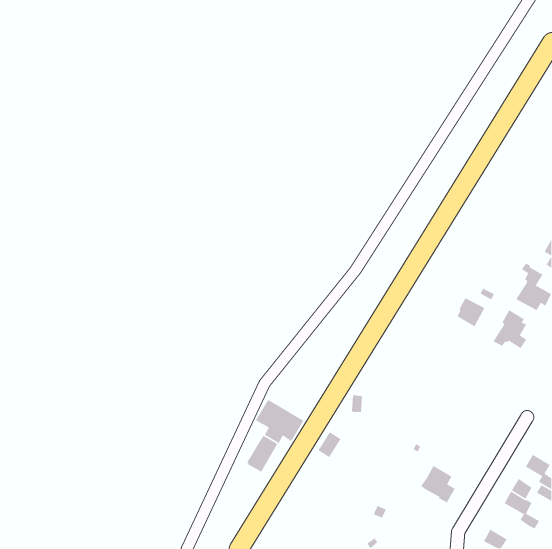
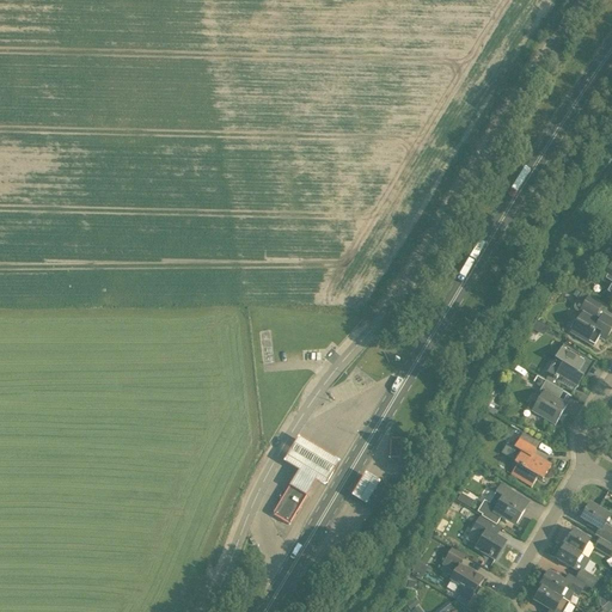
building: [456,297,486,327] -> [534,390,567,423]
building: none -> [508,429,550,485]
building: none -> [477,483,524,521]
building: none -> [442,546,483,598]
building: none -> [540,570,585,596]

